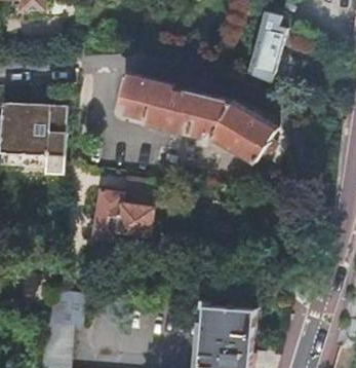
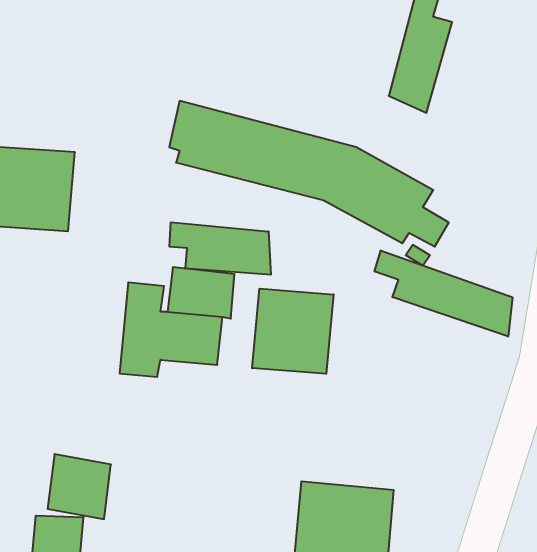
building: none -> [170,222,271,275]
building: none -> [375,250,512,337]
building: none -> [252,289,334,374]

